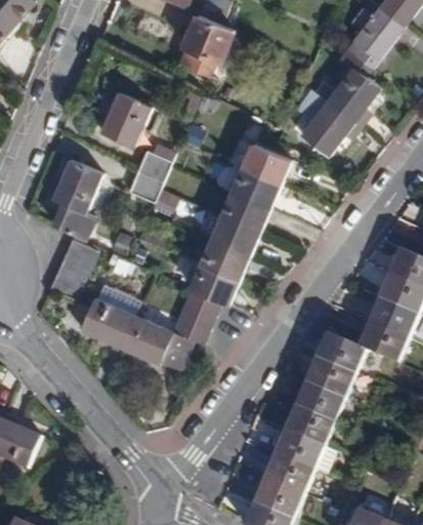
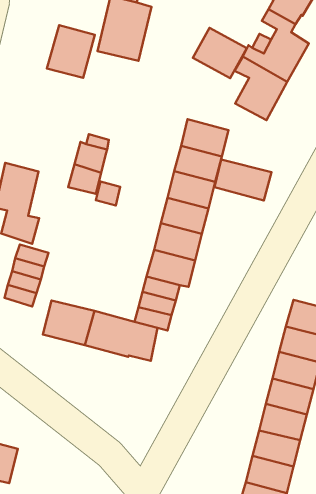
building: none -> [193,28,247,78]
building: [99,91,151,146] -> [47,25,95,78]
building: none -> [214,159,271,201]

